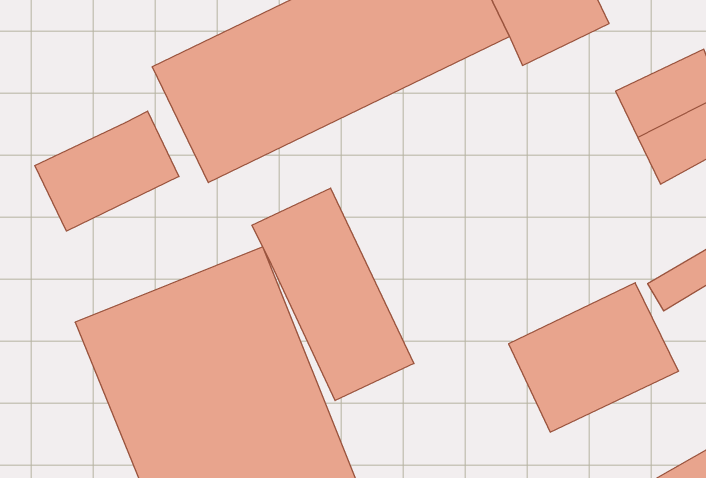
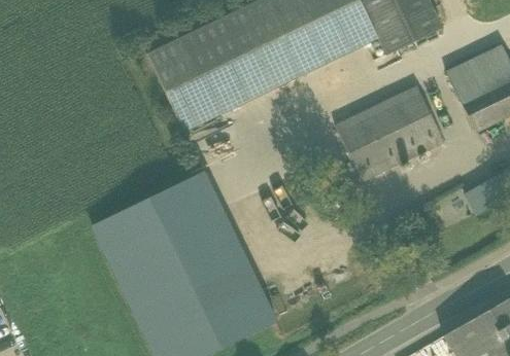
building: [35,111,179,231] -> none
building: [252,188,414,401] -> none
building: [509,283,679,432] -> [334,85,443,181]

